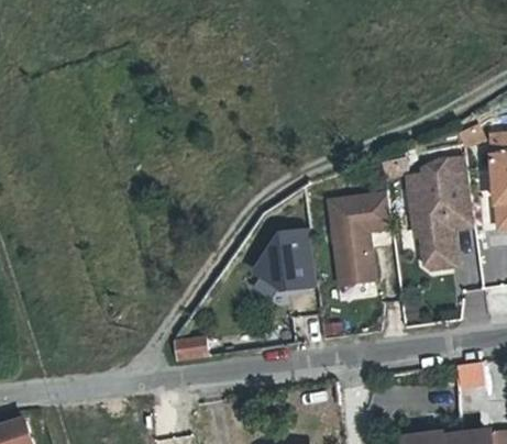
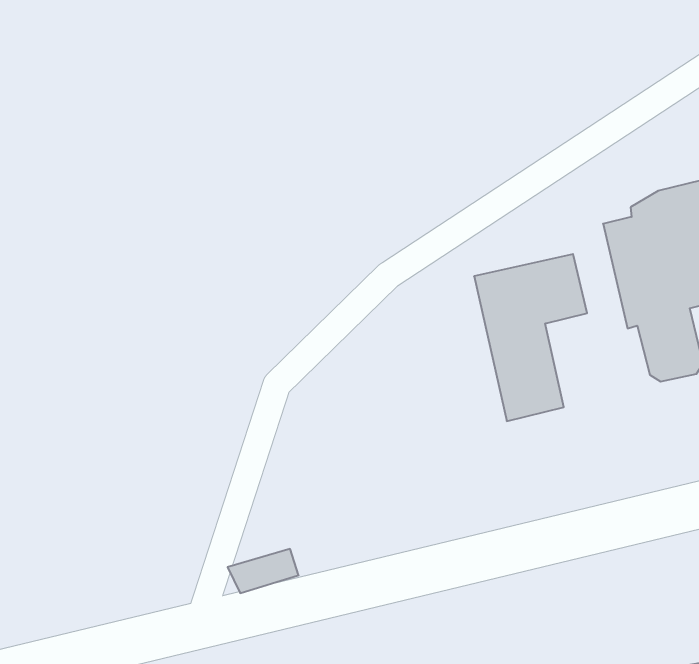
building: [258,232,317,288] -> none

